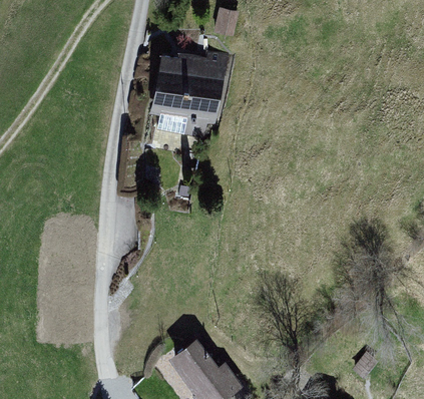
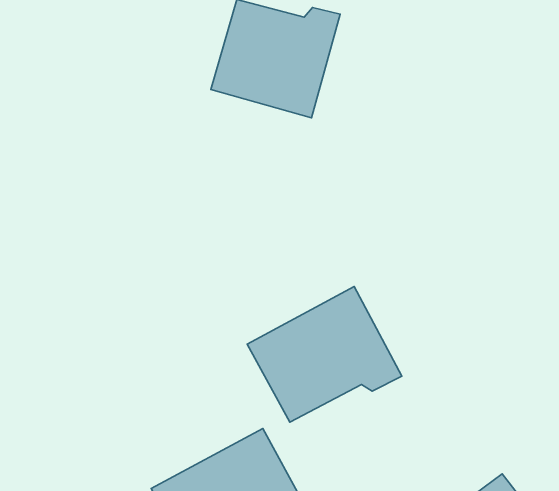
building: none -> [247,286,402,422]

